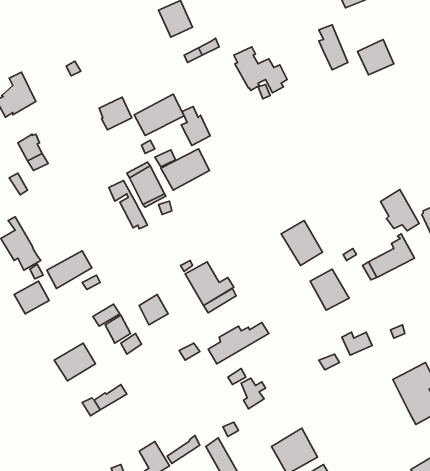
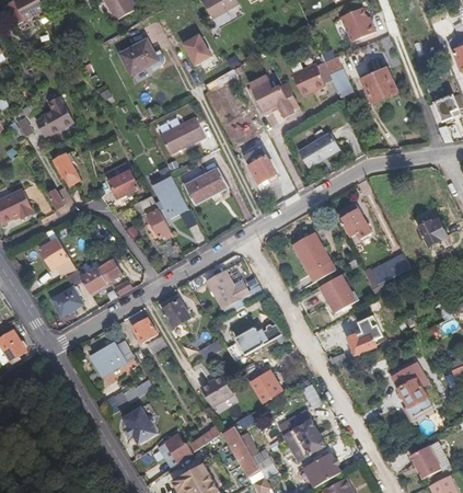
building: none -> [119,41,157,76]
building: none -> [291,61,331,95]
building: [99,97,132,130] -> [107,170,137,199]
building: none -> [299,128,338,165]
building: [181,107,210,146] -> [247,147,274,182]
building: [380,190,419,231] -> [337,202,372,239]
building: none -> [200,374,233,406]
building: none -> [123,406,157,443]

